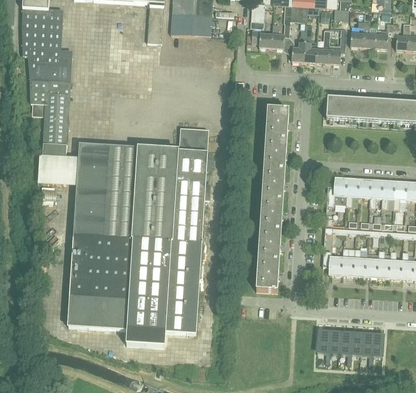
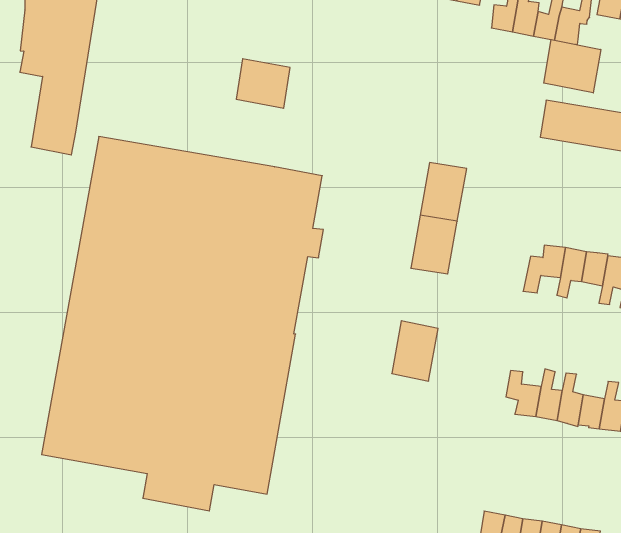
building: none -> [544,40,601,93]
building: [265,107,288,139] -> none
building: [179,127,207,152] -> [236,59,290,108]
building: [259,198,282,230] -> none
building: [255,258,278,290] -> none

